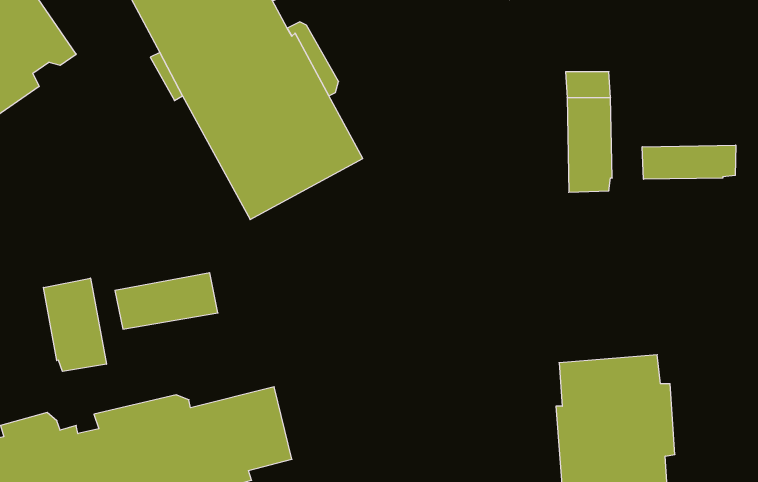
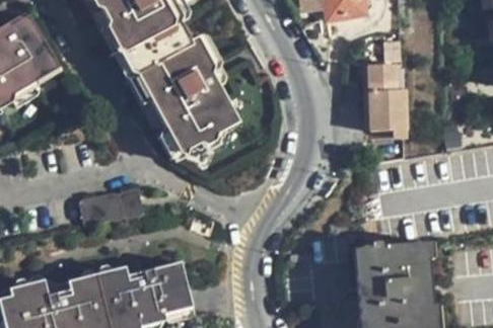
building: [642,145,736,179] -> none
building: [43,278,106,371] -> none

